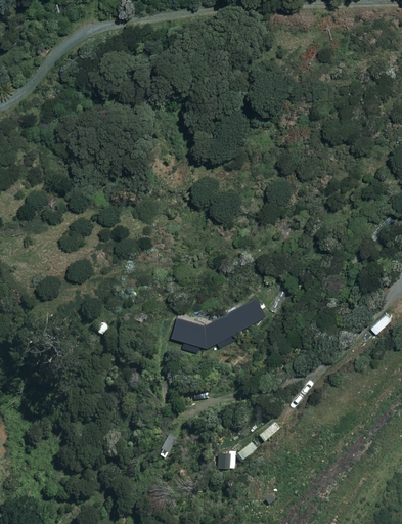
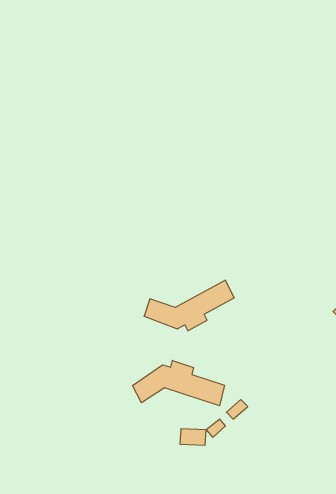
building: none -> [132,360,225,406]

